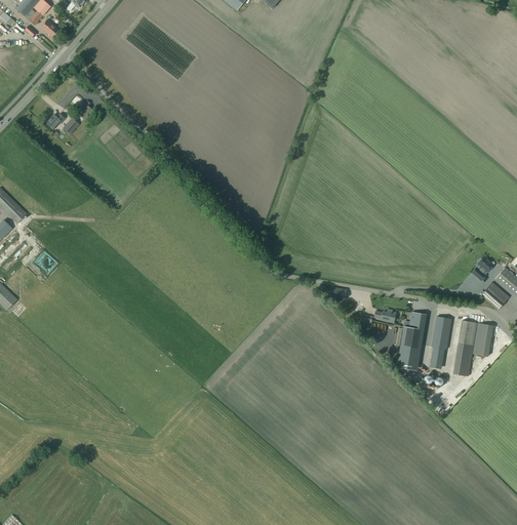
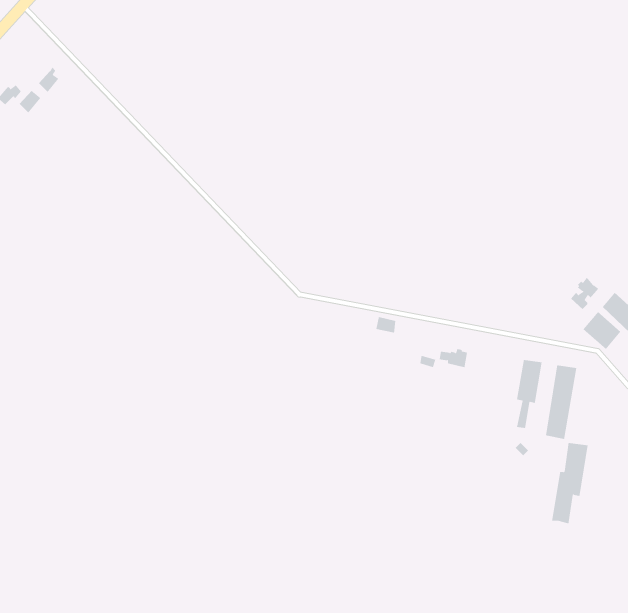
building: [396,312,424,372] -> [551,443,589,524]
building: [473,323,493,356] -> none

